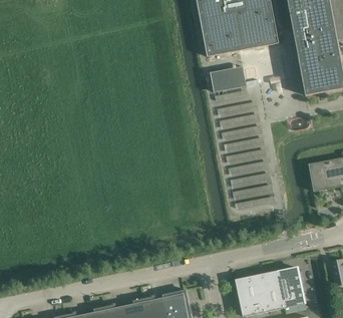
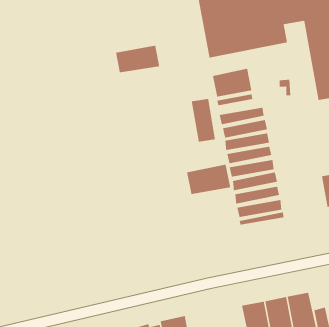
building: none -> [116,45,160,73]
building: none -> [191,98,216,143]
building: none -> [186,164,231,195]

